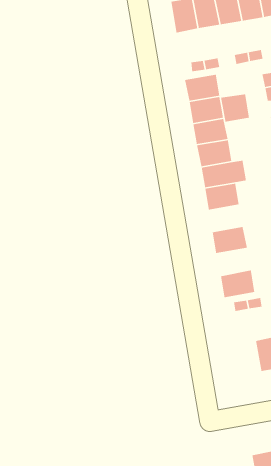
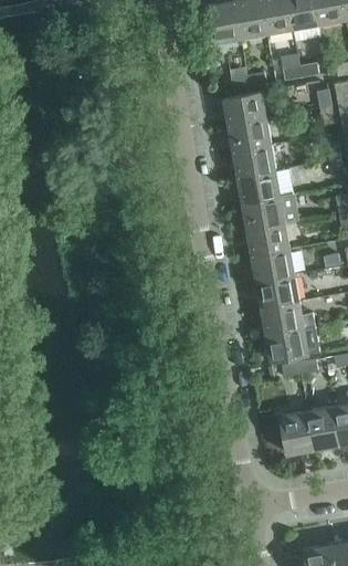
building: [220,94,250,123] -> none
building: none -> [252,249,294,281]
building: none -> [261,301,315,334]
building: none -> [281,411,315,454]

